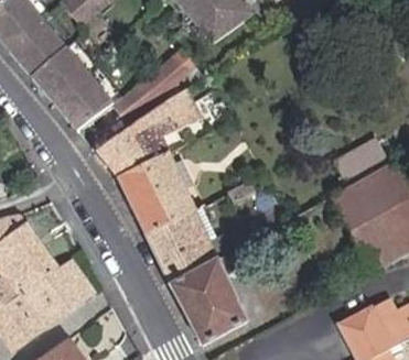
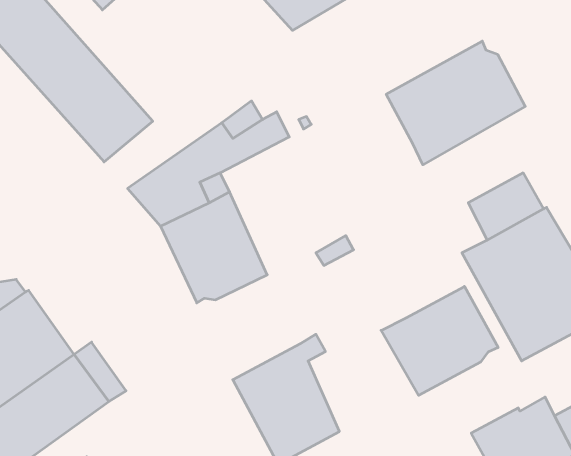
building: none -> [386,41,525,165]
building: [114,46,191,124] -> none
building: [144,210,217,284] -> none
building: none -> [381,286,498,395]

